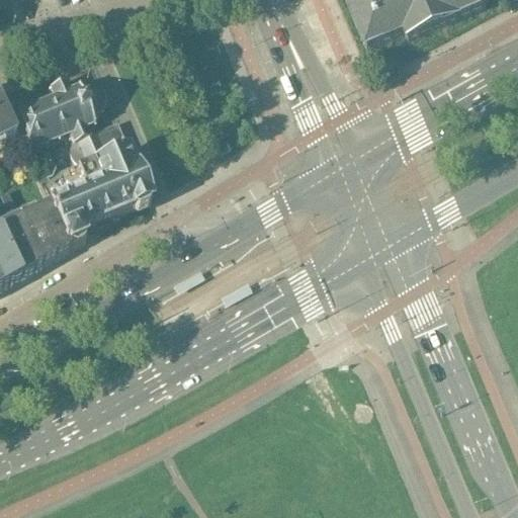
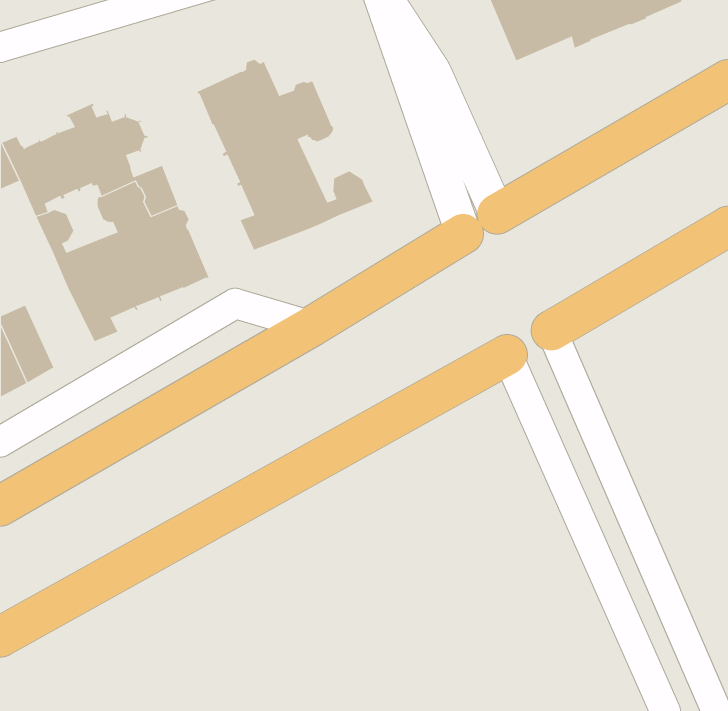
building: none -> [197,59,373,251]
building: [18,203,68,261] -> none

